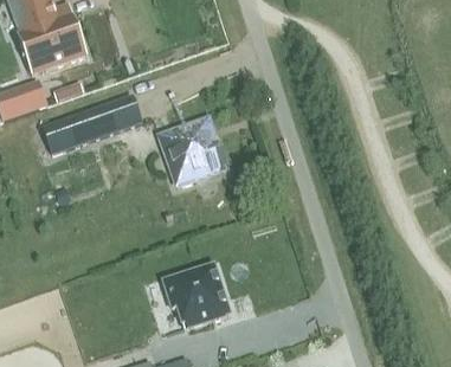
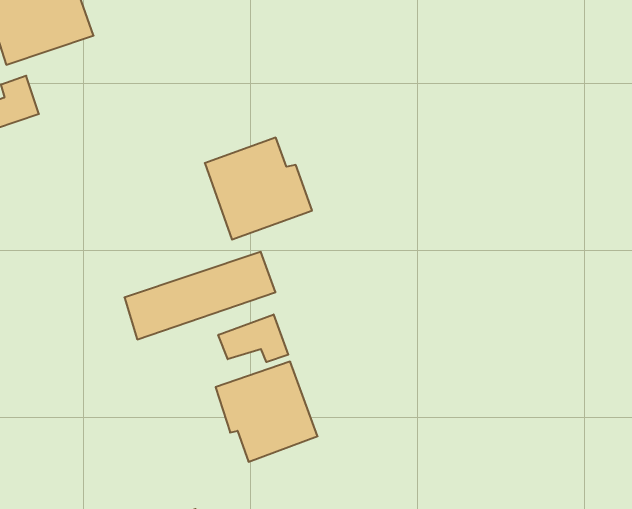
building: [44,96,142,153] -> [124,252,276,339]
building: none -> [218,314,288,362]

